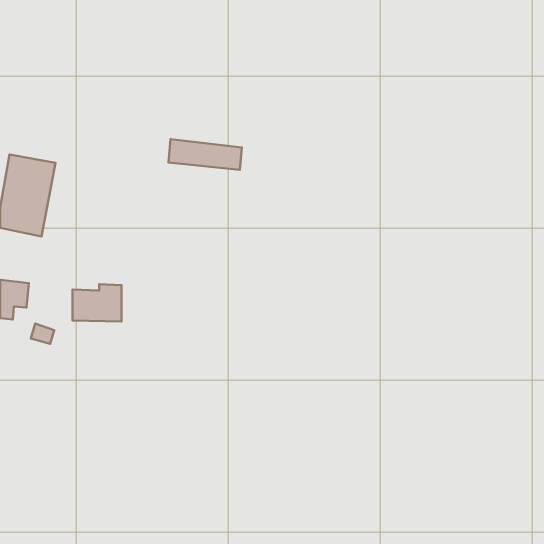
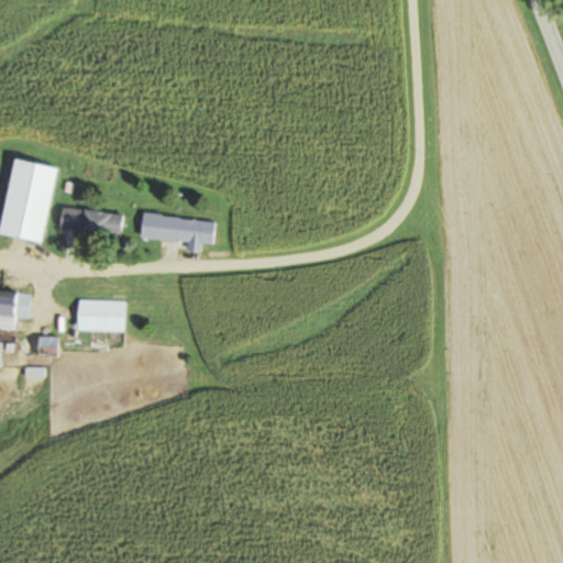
building: [168,139,242,170] -> [139,213,214,245]
building: none -> [57,207,123,239]

